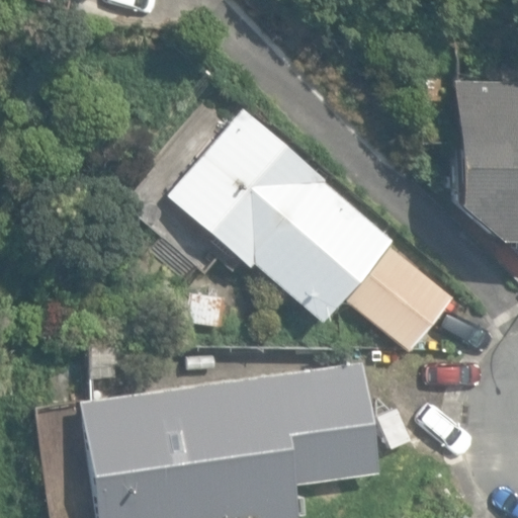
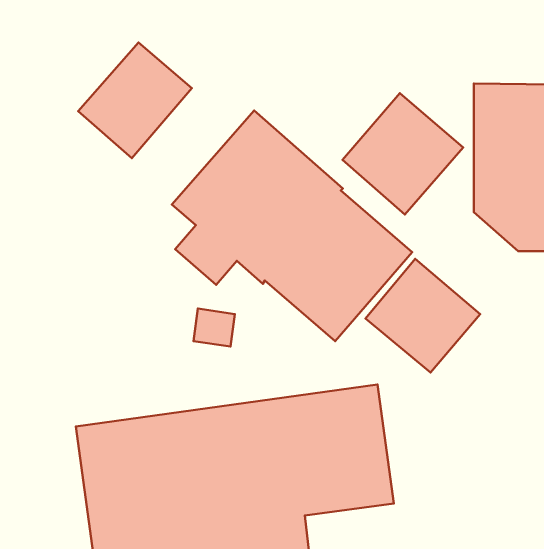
building: none -> [78,42,192,158]
building: none -> [342,93,463,215]

